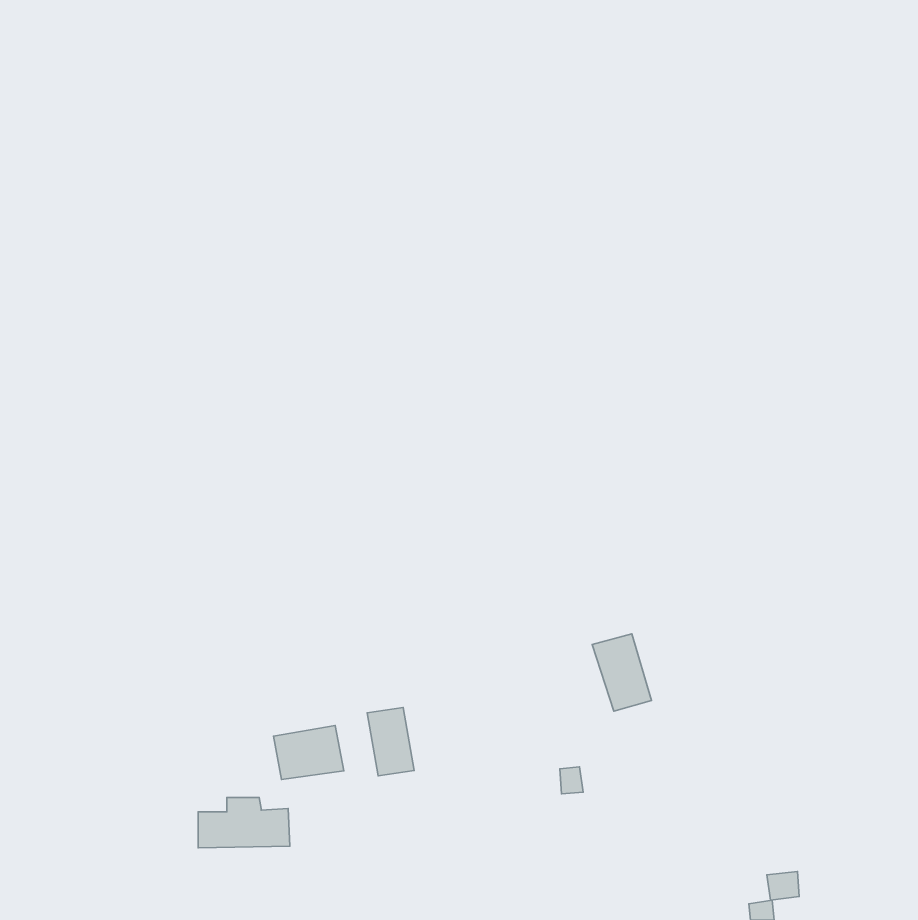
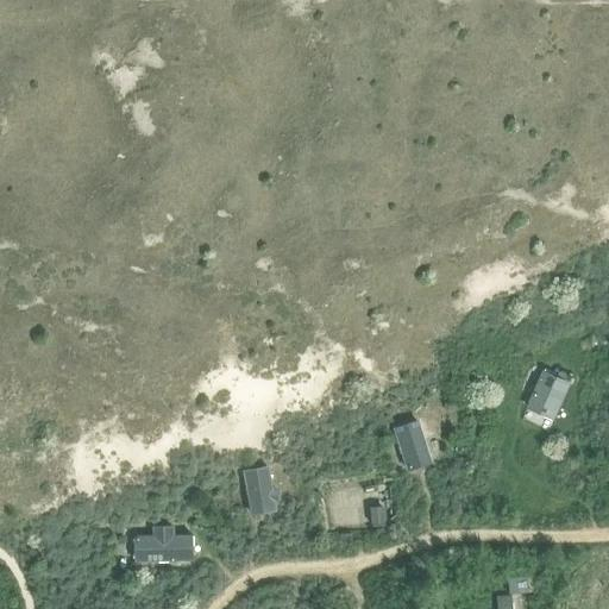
building: none -> [527,370,573,421]
building: [274,726,344,780] -> none

